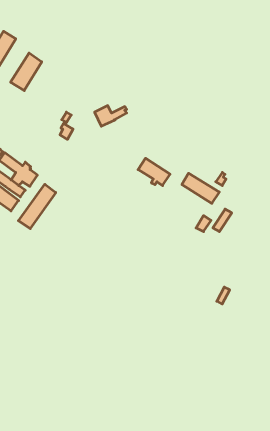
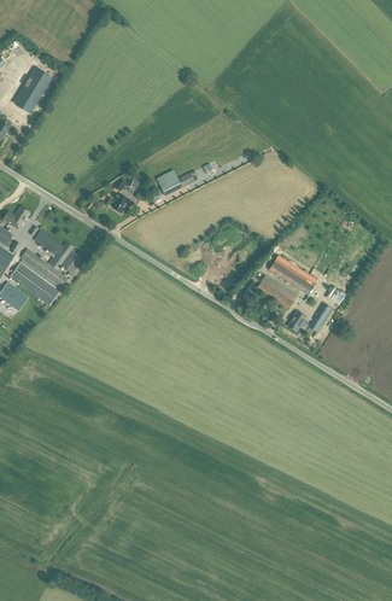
building: [11,53,42,91] -> none
building: [138,158,170,186] -> [256,274,297,309]
building: [18,184,56,229] -> none

